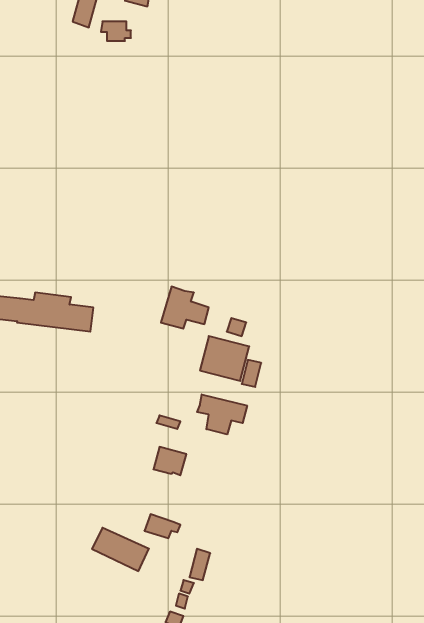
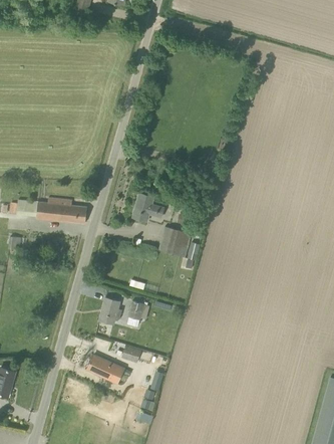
building: [197,394,247,434] -> none
building: none -> [100,297,122,323]

